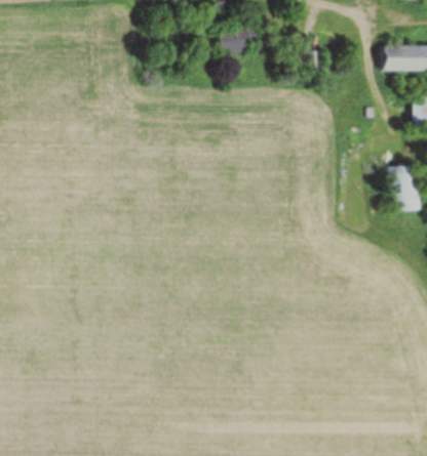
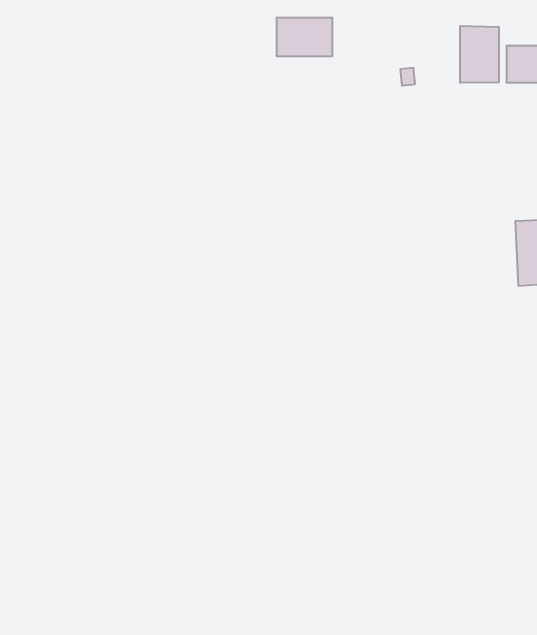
building: none -> [460,26,499,83]

